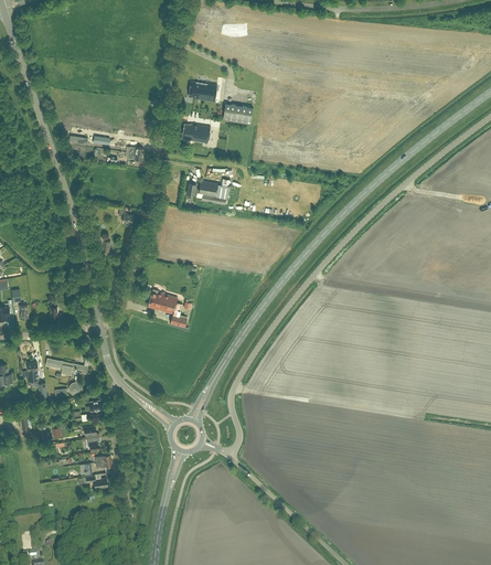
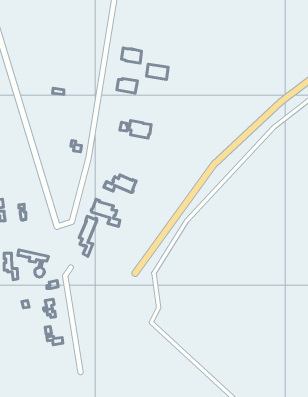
building: none -> [104,175,136,193]
building: none -> [79,216,97,256]

